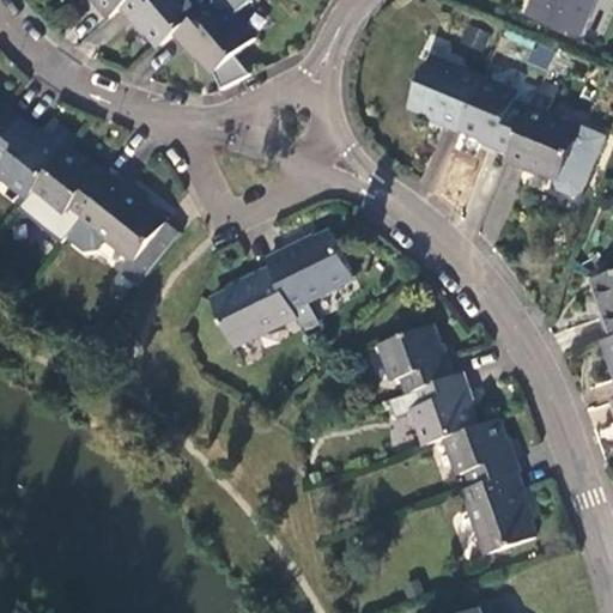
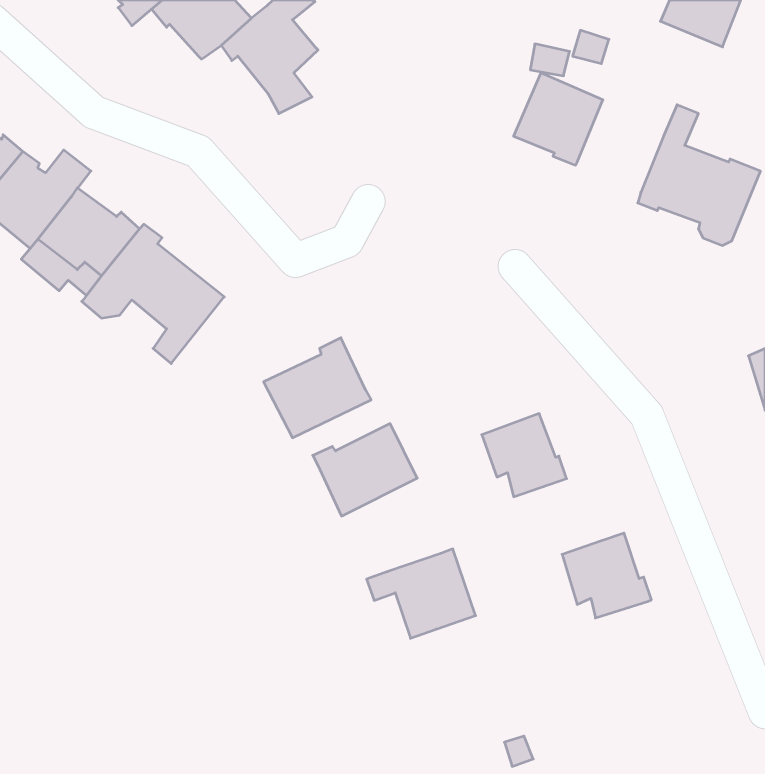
building: [456,79,524,152] -> none
building: [266,235,348,308] -> [313,424,417,516]
building: [389,375,475,445] -> [367,549,476,638]
building: [462,475,530,557] -> none

